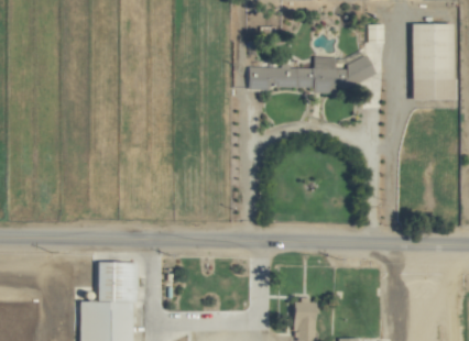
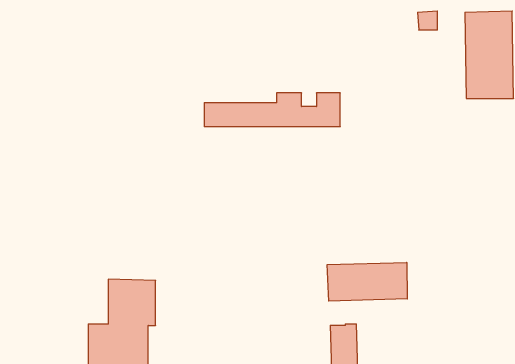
building: [252,58,372,88] -> [204,93,340,127]
building: none -> [327,262,407,301]

